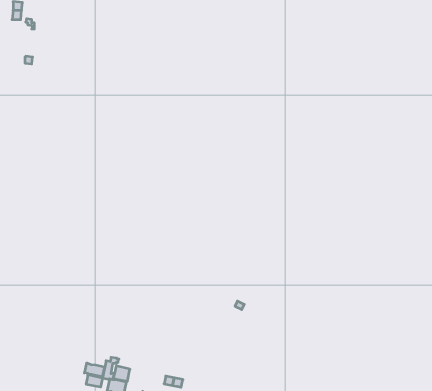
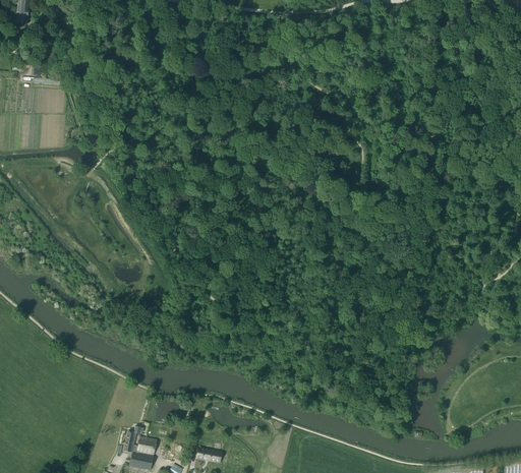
building: [84,363,104,387] -> none

